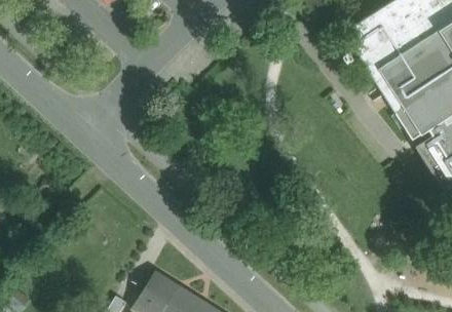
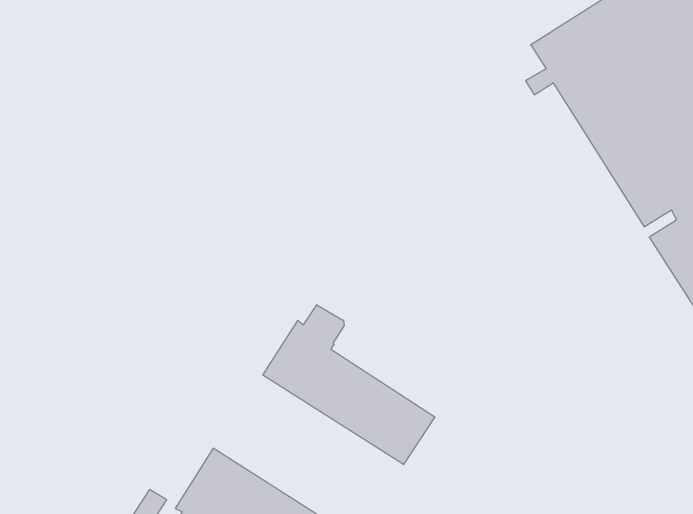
building: none -> [263,305,435,465]

